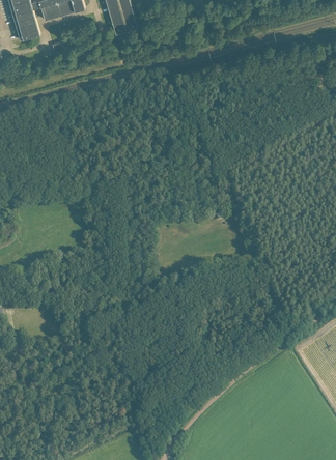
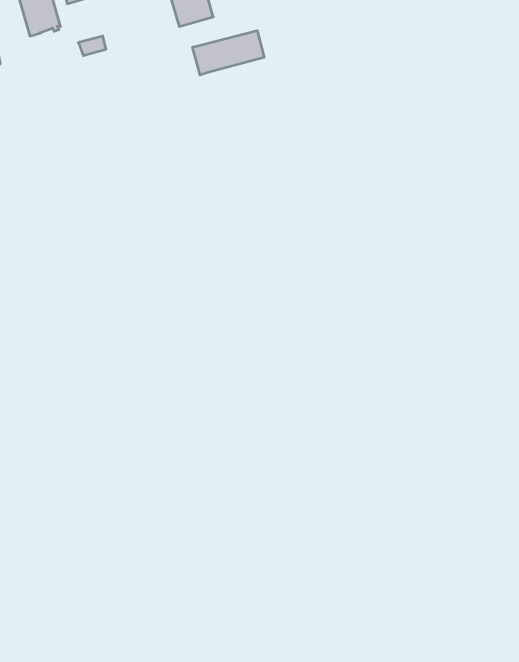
building: none -> [193,31,264,75]

